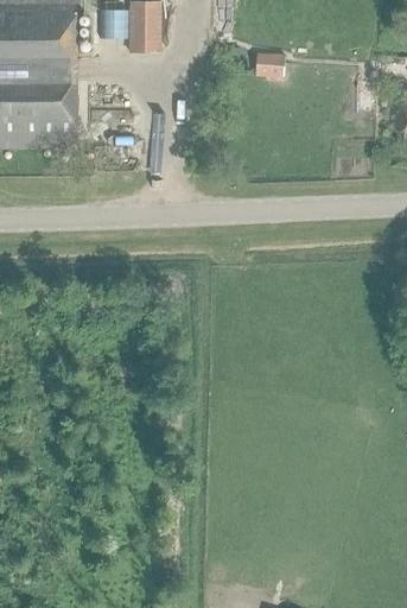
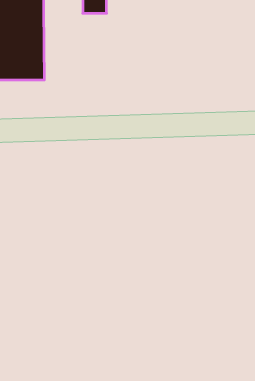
building: [254,52,284,77] -> none

